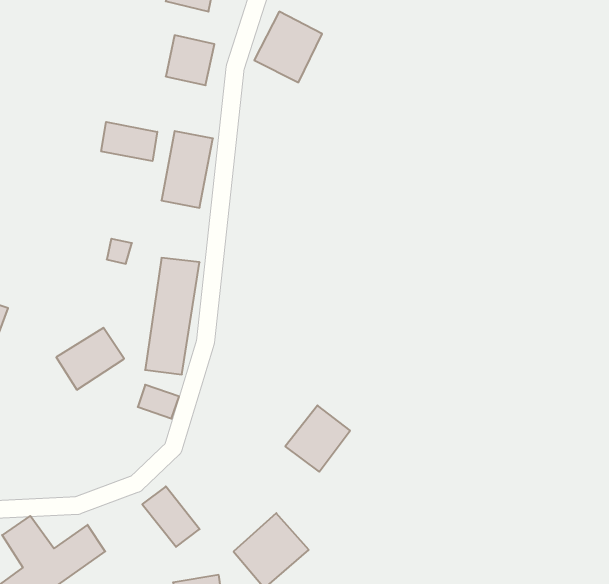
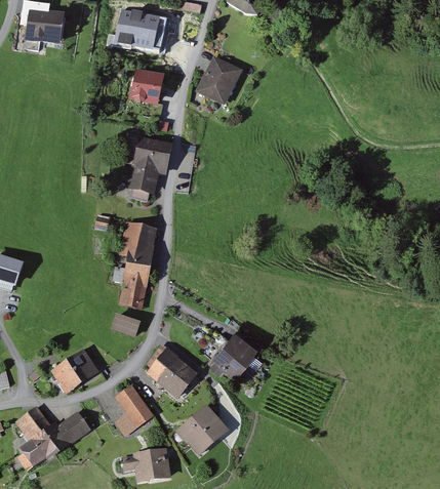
building: [101,122,157,161] -> none
building: [56,328,124,390] -> [50,350,97,393]
building: none -> [148,349,199,399]

